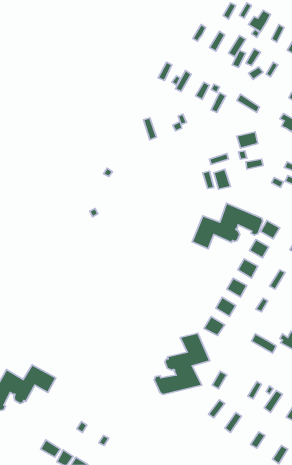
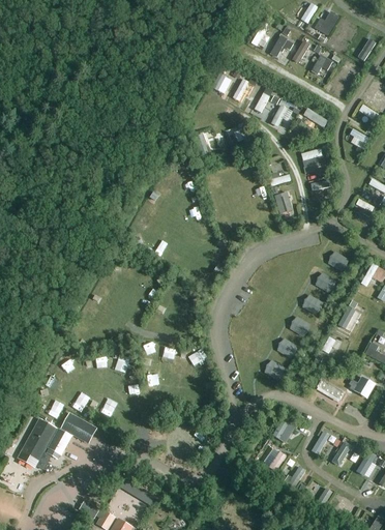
building: [192,203,263,249] -> none
building: [154,333,210,394] -> none

